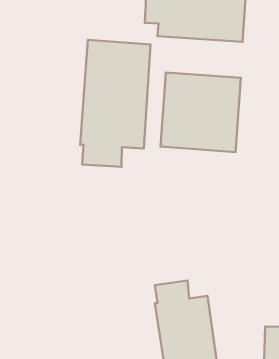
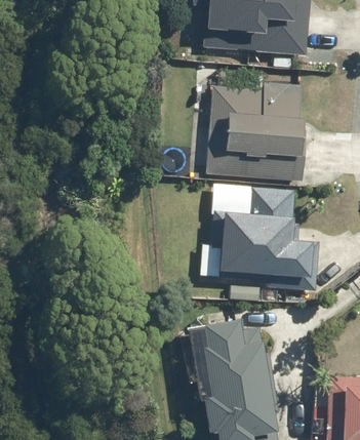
building: [80,40,151,167] -> none
building: none -> [211,187,320,290]

